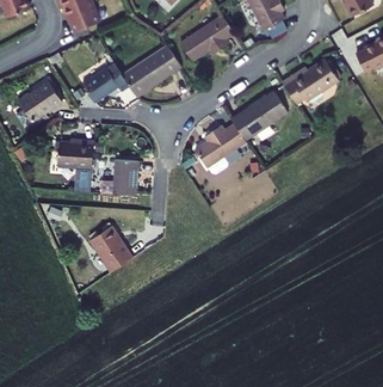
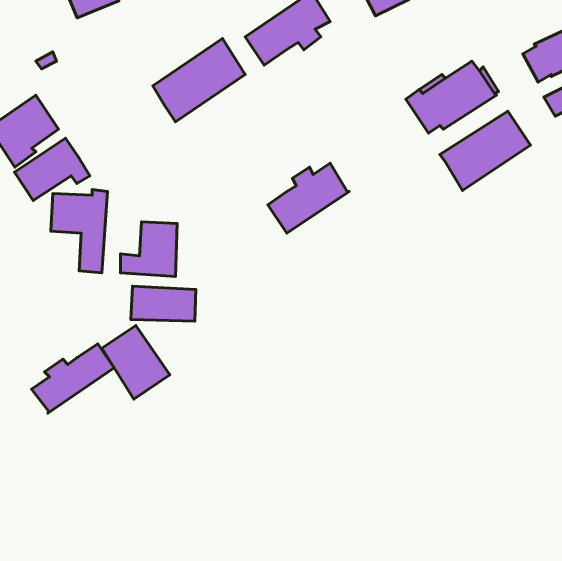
building: [81,62,129,102] -> [14,138,90,200]
building: [230,91,288,141] -> [440,111,531,190]
building: none -> [131,286,196,321]
building: none -> [32,344,114,413]

